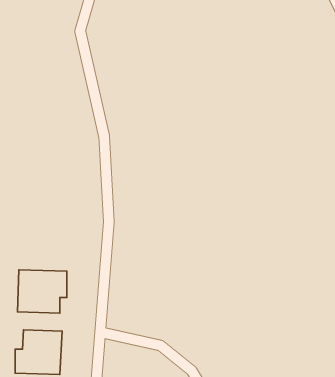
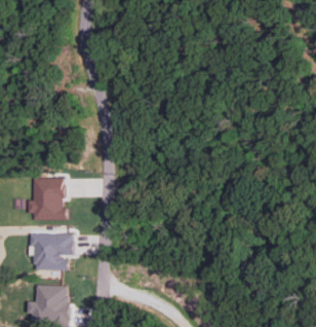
building: none -> [29,177,66,219]

